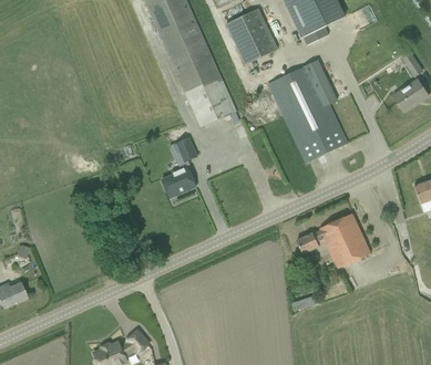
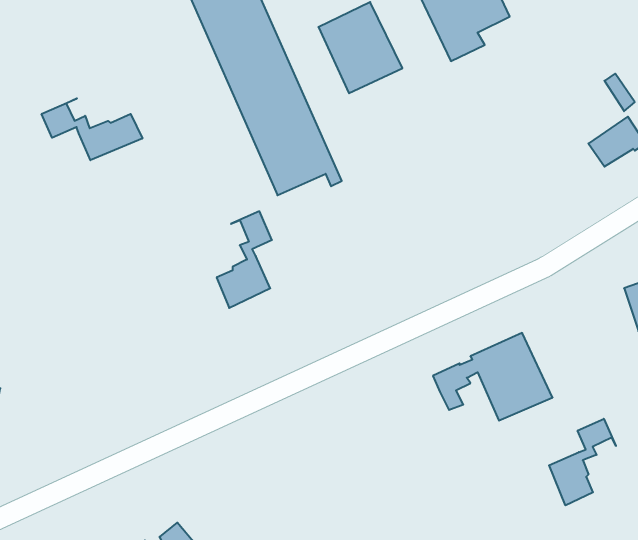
building: [268,59,347,161] -> none
building: none -> [42,98,142,160]
building: none -> [549,419,616,505]

